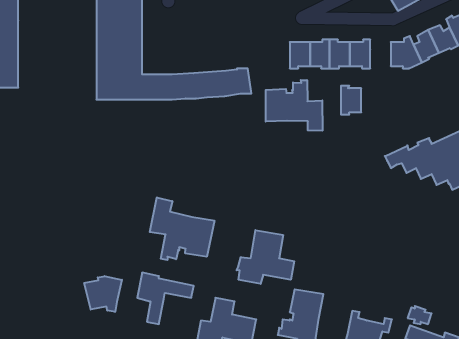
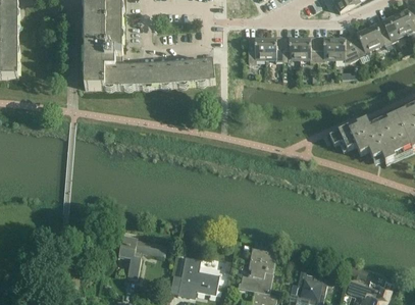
building: [266,80,322,131] -> none
building: [341,86,361,115] -> [317,36,334,60]
building: [150,197,214,260] -> none
building: [237,230,294,284] -> none
building: [84,276,122,312] -> none

